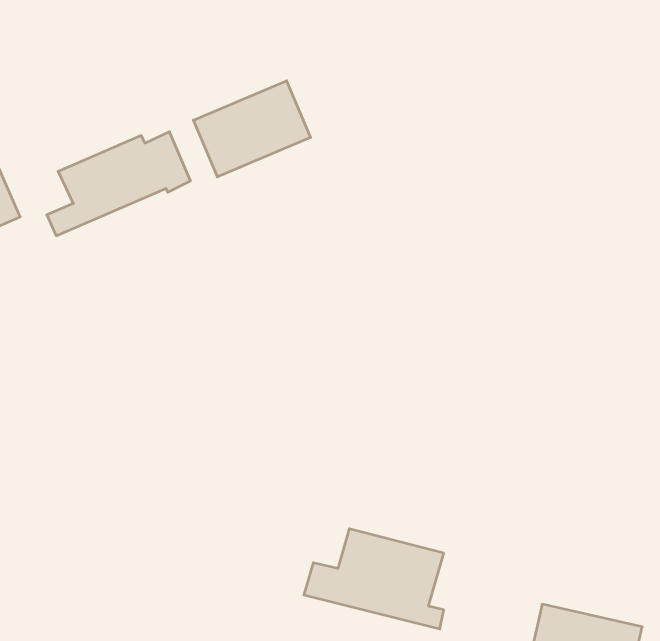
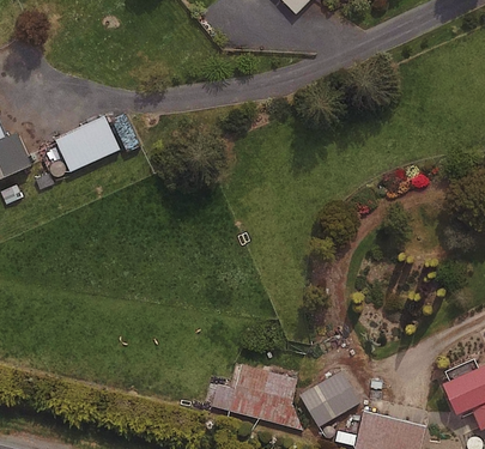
building: [193,81,311,177] -> none
building: none -> [299,368,365,425]

